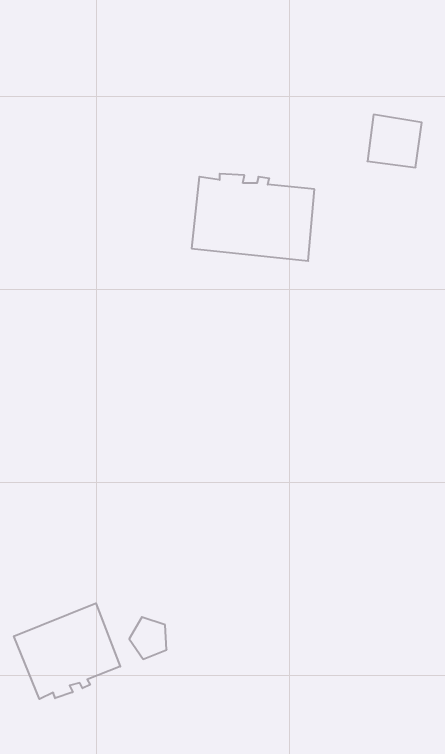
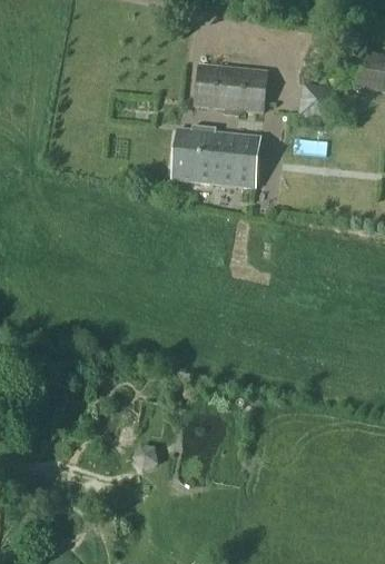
building: none -> [197,65,264,110]
building: [14,603,120,699] -> none

